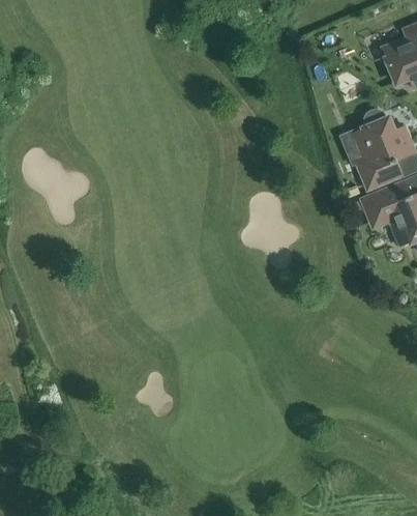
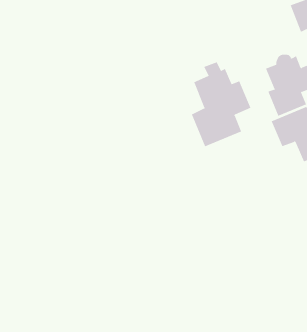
building: none -> [191,61,251,147]

